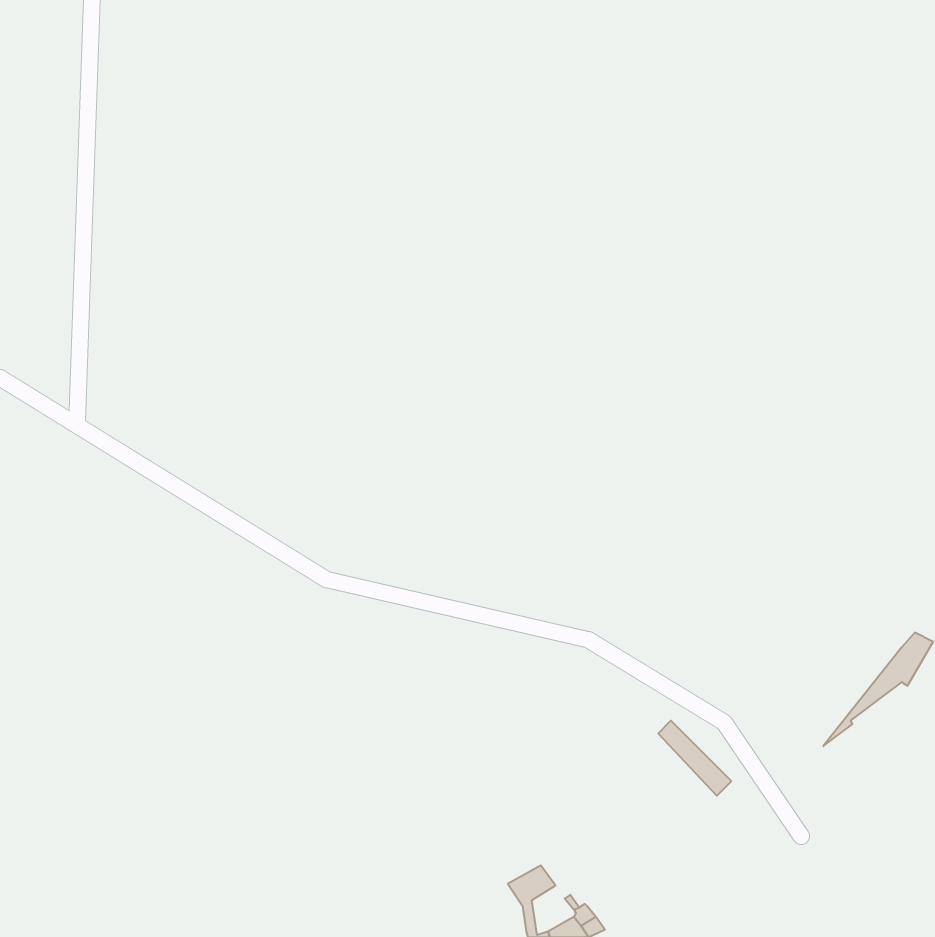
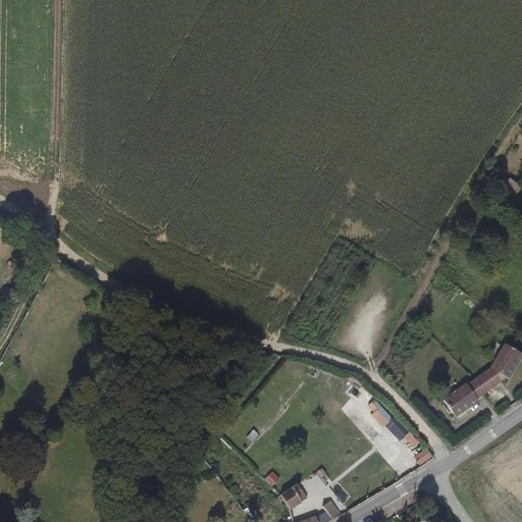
building: none -> [440,347,510,419]

